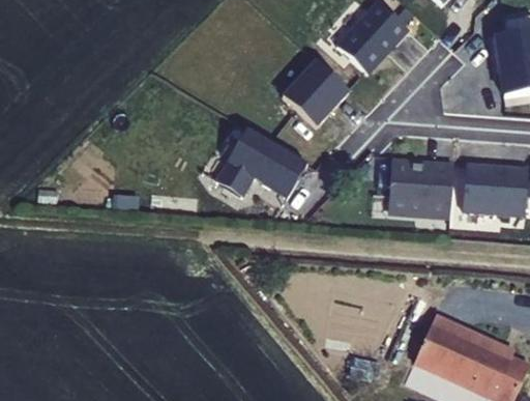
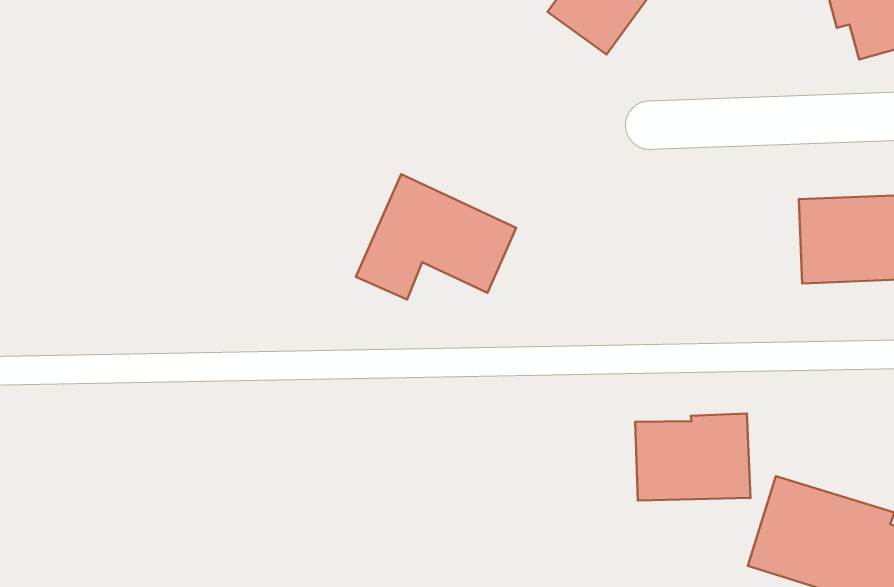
building: [283,60,350,126] -> none
building: [388,163,453,211] -> [635,413,750,500]

